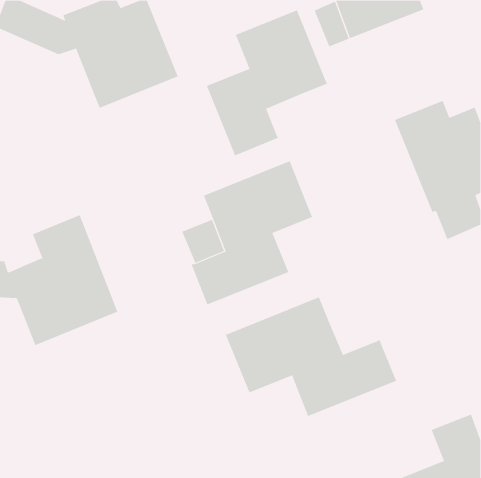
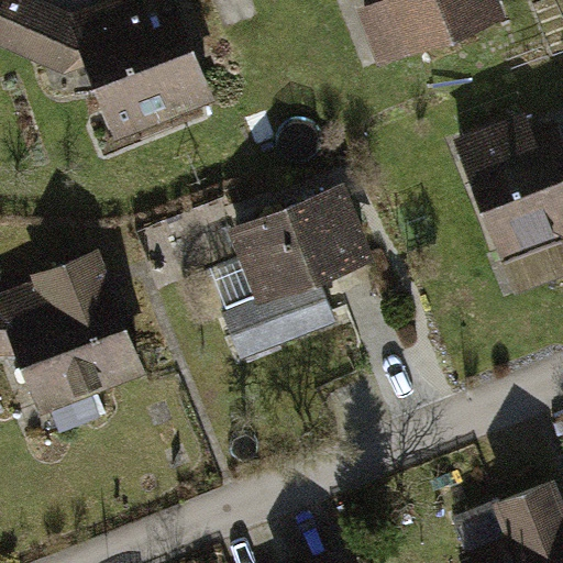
building: [206,9,327,156] -> none
building: [225,297,397,417] -> none

